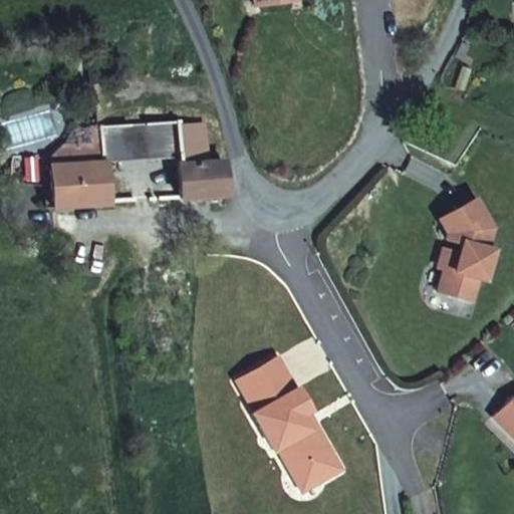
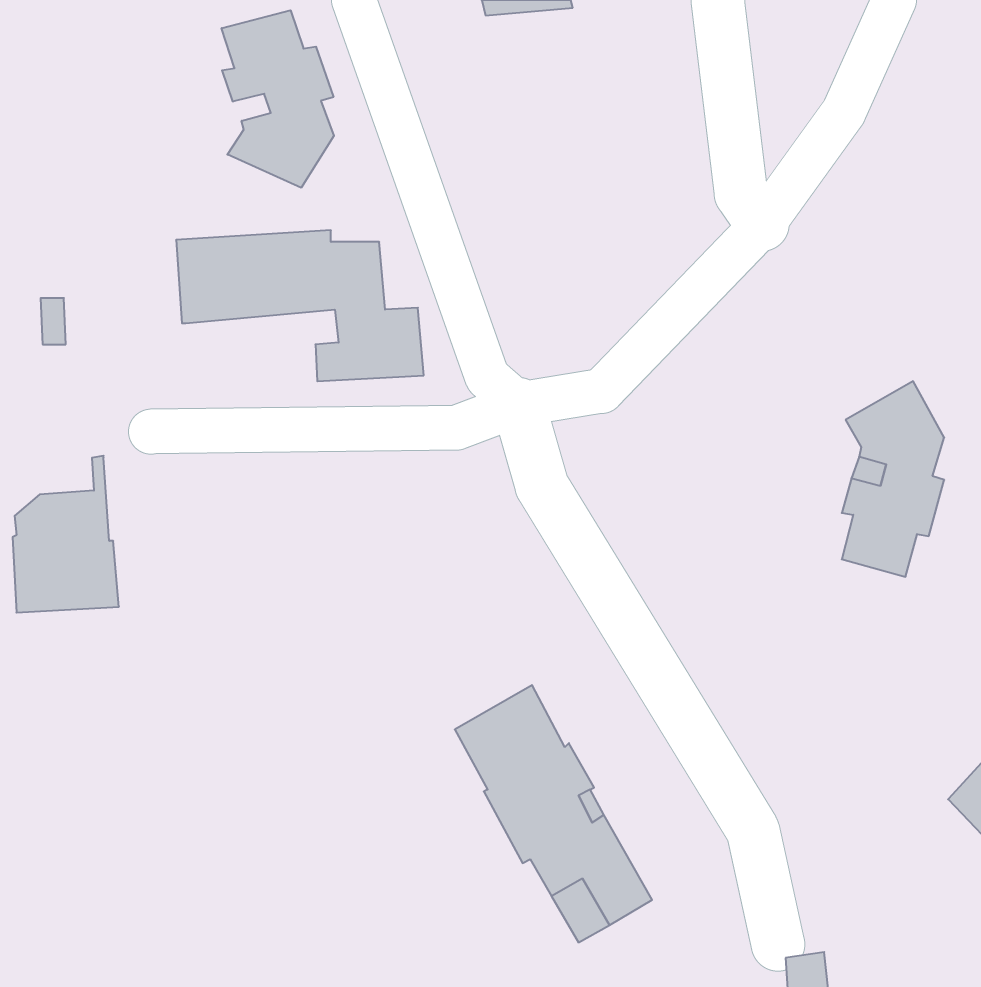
building: none -> [222,10,334,188]
building: [48,124,103,206] -> [13,456,119,613]

